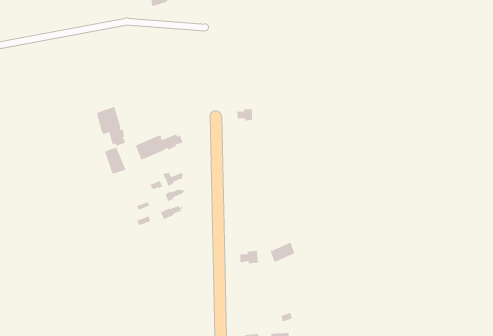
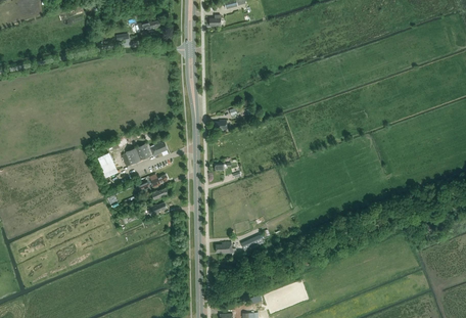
building: [96,106,126,147] -> none

